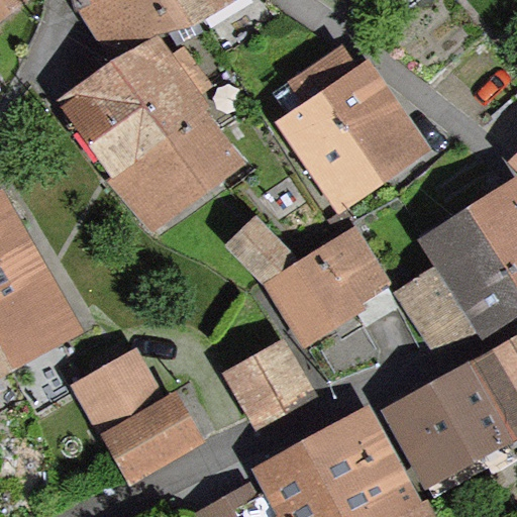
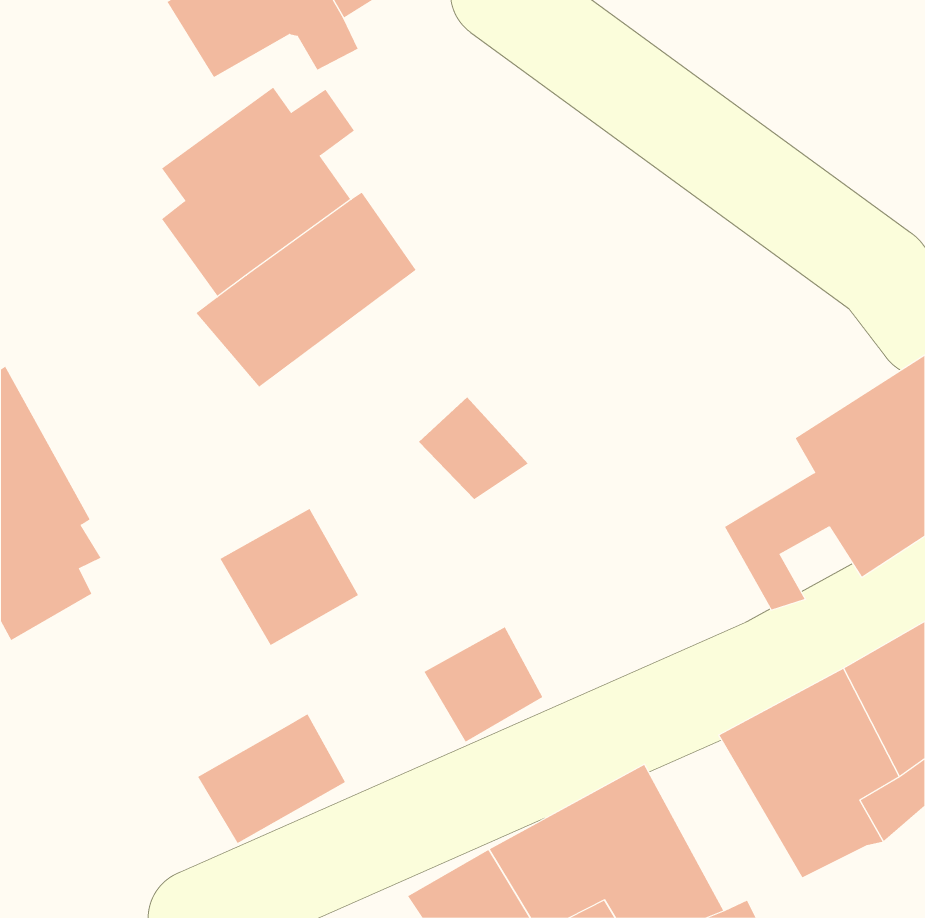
building: [283,50,407,196] -> none
building: [272,225,397,333] -> none
building: [82,356,160,433] -> [219,508,359,646]

